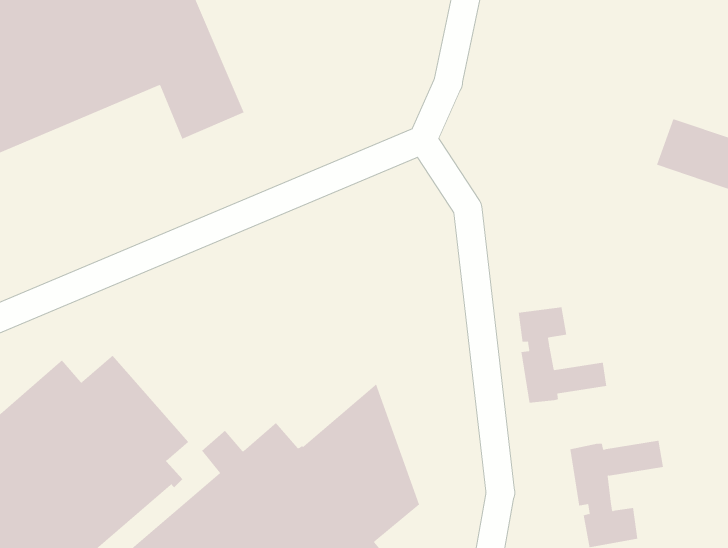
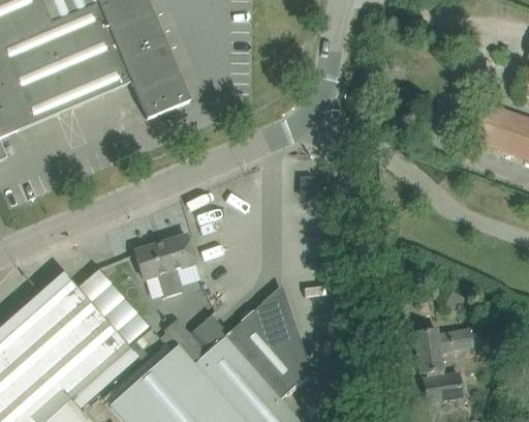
building: [518,306,607,404] -> none
building: none -> [134,235,195,296]

